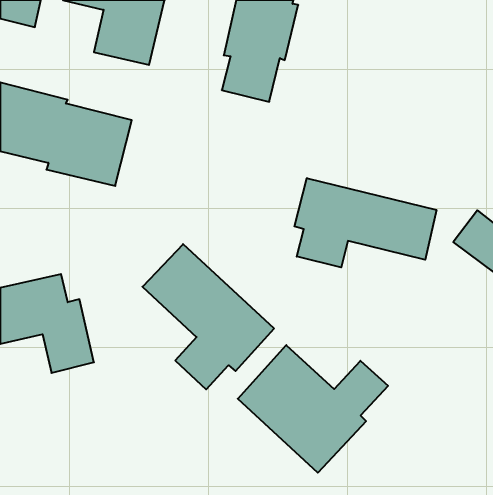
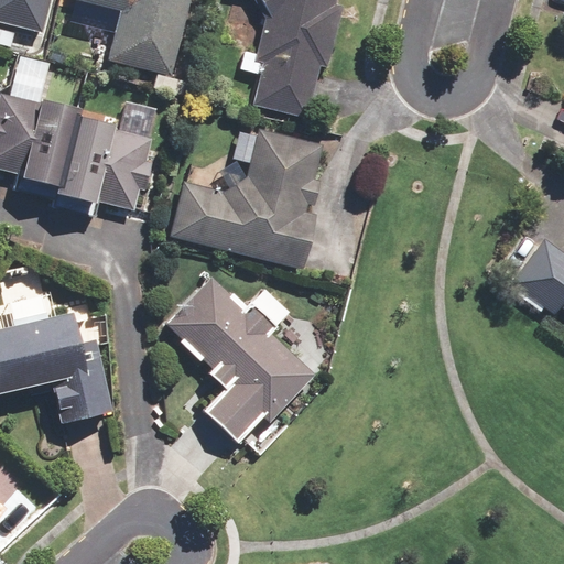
building: none -> [170,129,322,270]
building: [294,178,436,267] -> none
building: [238,345,388,473] -> none

